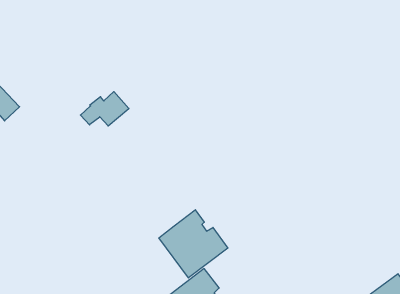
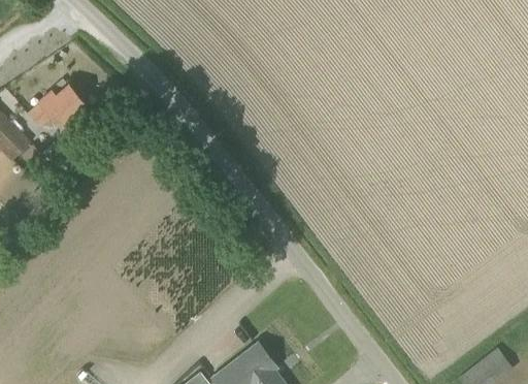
building: [80,92,129,126] -> [27,85,87,127]
building: [159,210,228,278] -> none

